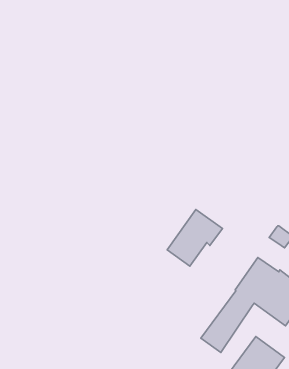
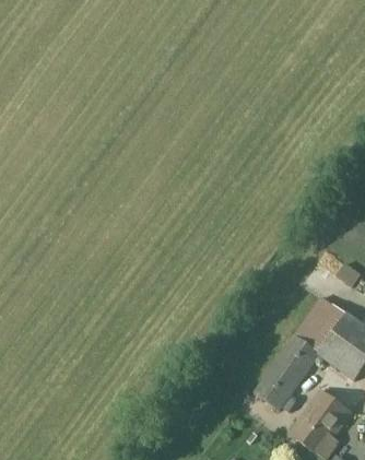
building: [167,210,223,266] -> none

